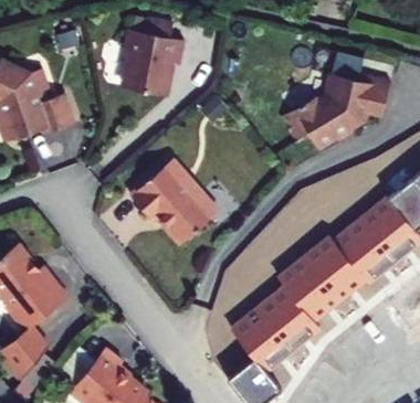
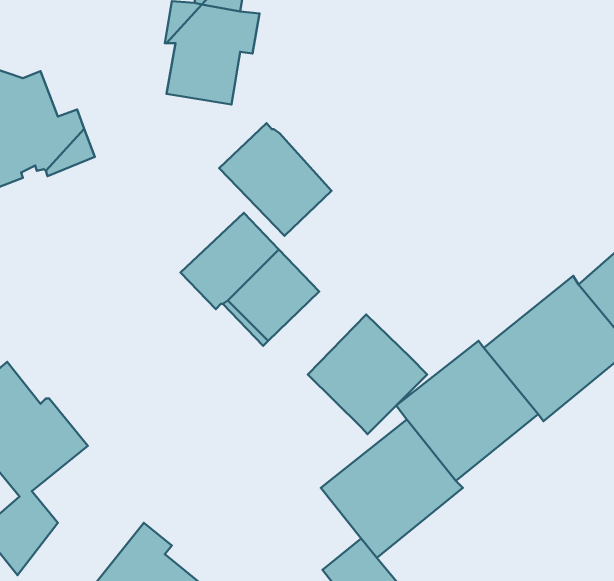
building: [285,64,392,139] -> none
building: none -> [219,123,332,236]
building: none -> [308,314,427,434]

